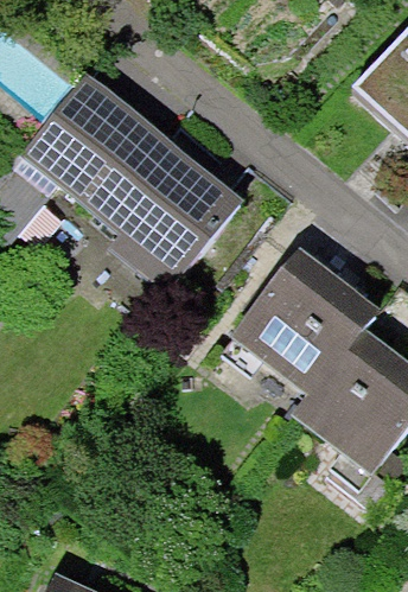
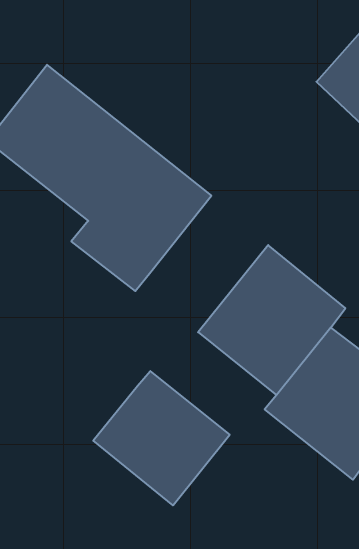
building: none -> [93,371,230,505]

